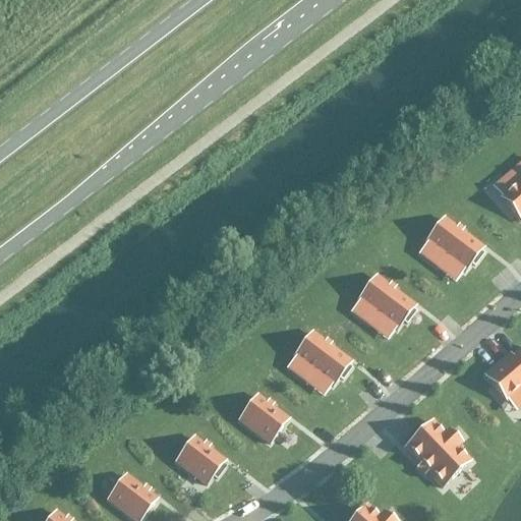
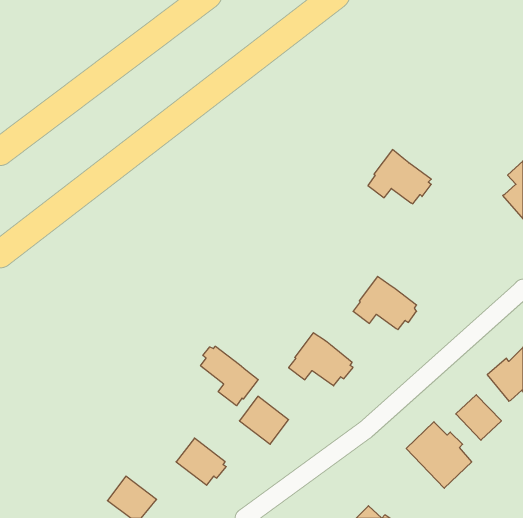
building: [419,216,482,270] -> [368,150,431,204]
building: none -> [201,346,258,406]
building: none -> [456,395,501,440]

